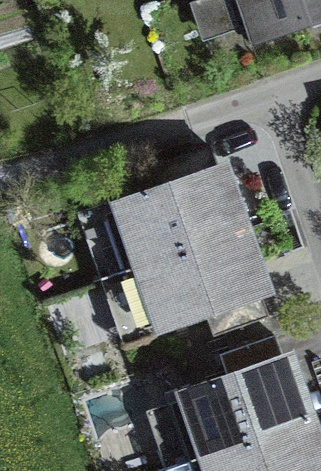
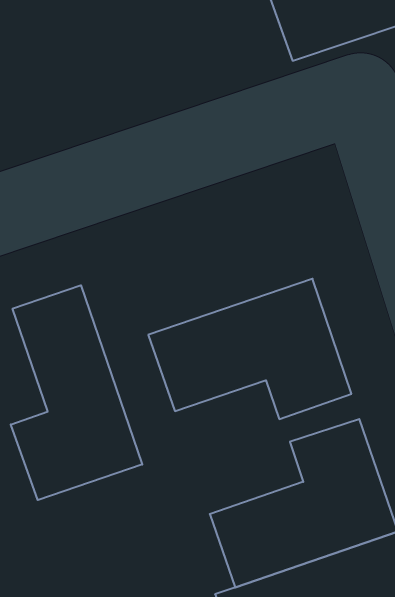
building: [105,134,247,262] -> none
building: none -> [11,285,142,500]

